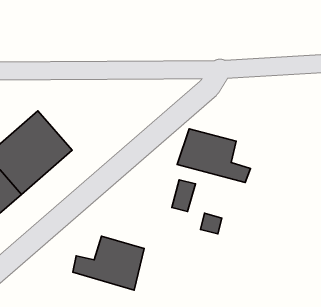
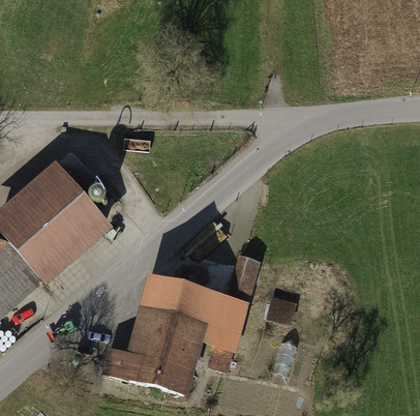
building: [177,129,250,182] -> none
building: none -> [142,277,242,366]

